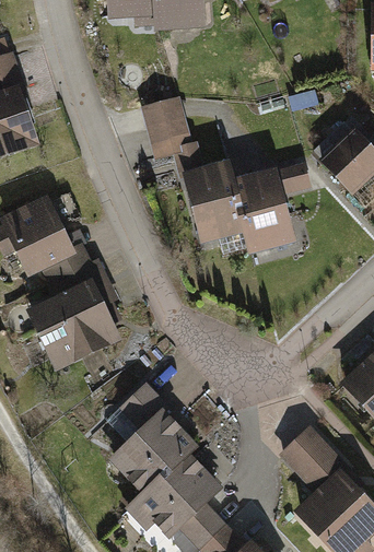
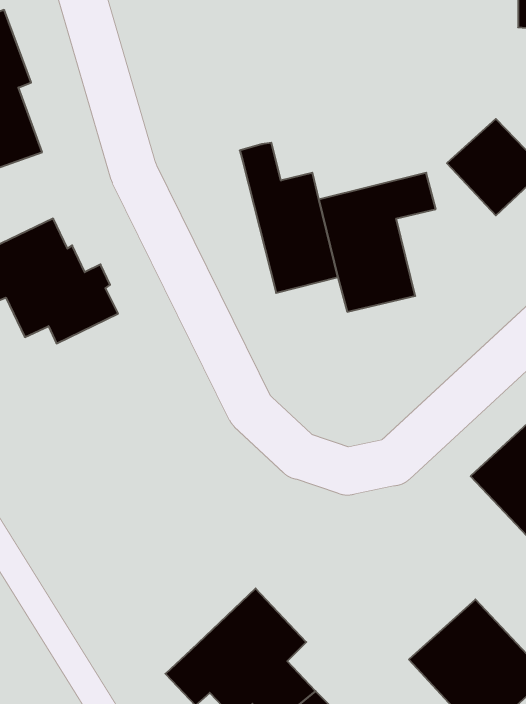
building: [139,97,190,162] -> none
building: [26,257,122,373] -> none
building: [105,381,194,493] -> none
building: [279,414,344,481] -> none

